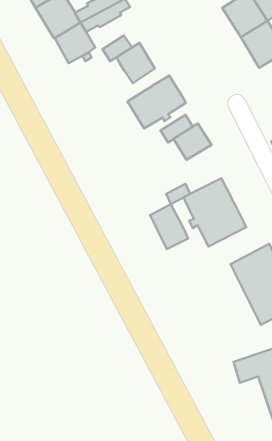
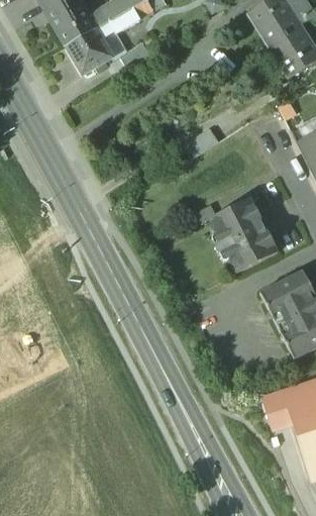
building: [117,43,155,83] -> none
building: [128,75,186,129] -> none
building: [174,124,211,160] -> none
building: [150,204,188,249] -> none

